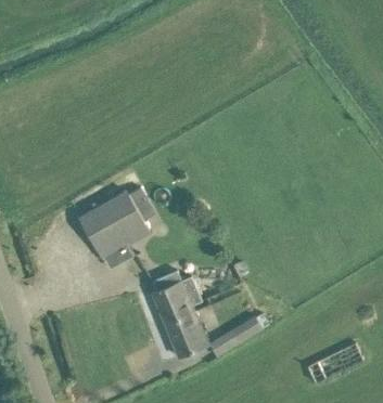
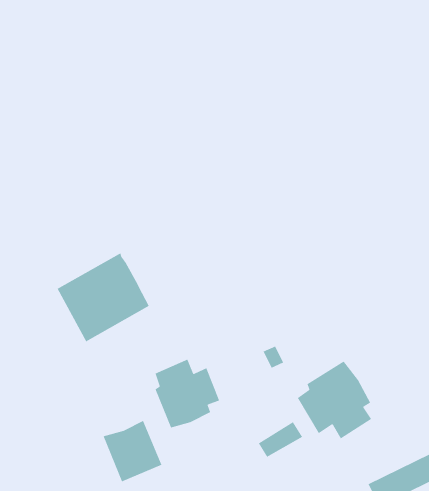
building: none -> [297,361,372,440]
building: [164,311,208,358] -> [103,420,162,483]

